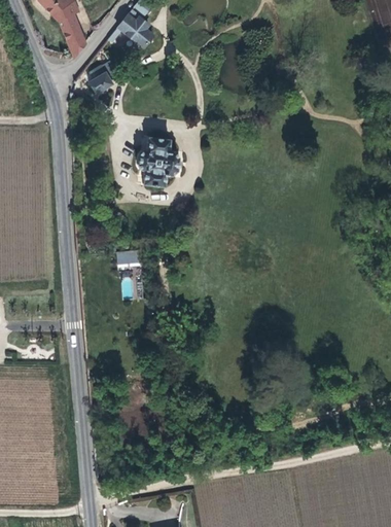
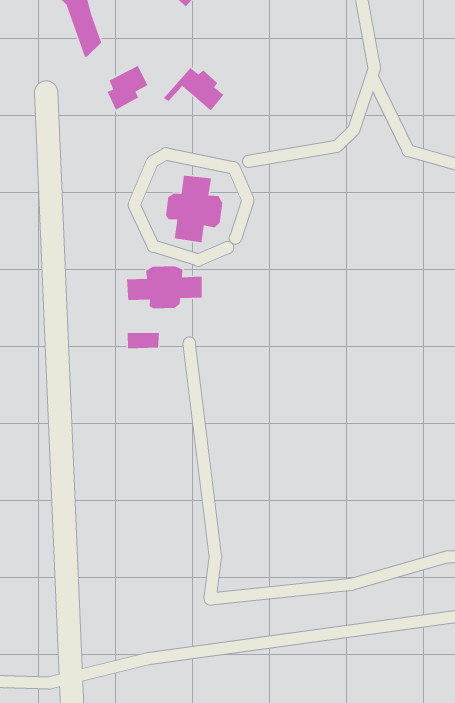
building: [108,16,152,47] -> [163,67,225,111]
building: none -> [126,266,203,309]

